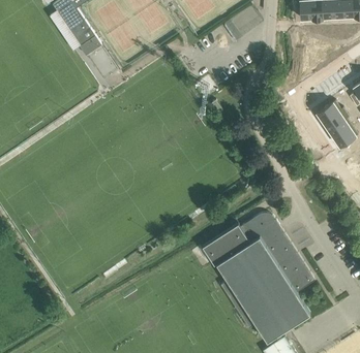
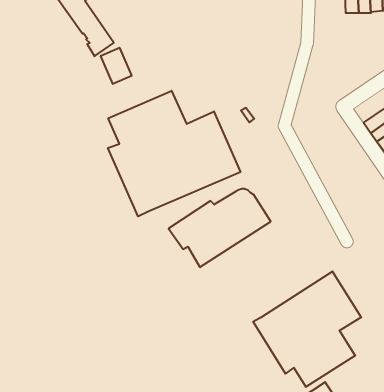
building: none -> [108,91,240,216]
building: [202,213,290,280] -> [169,189,271,267]

